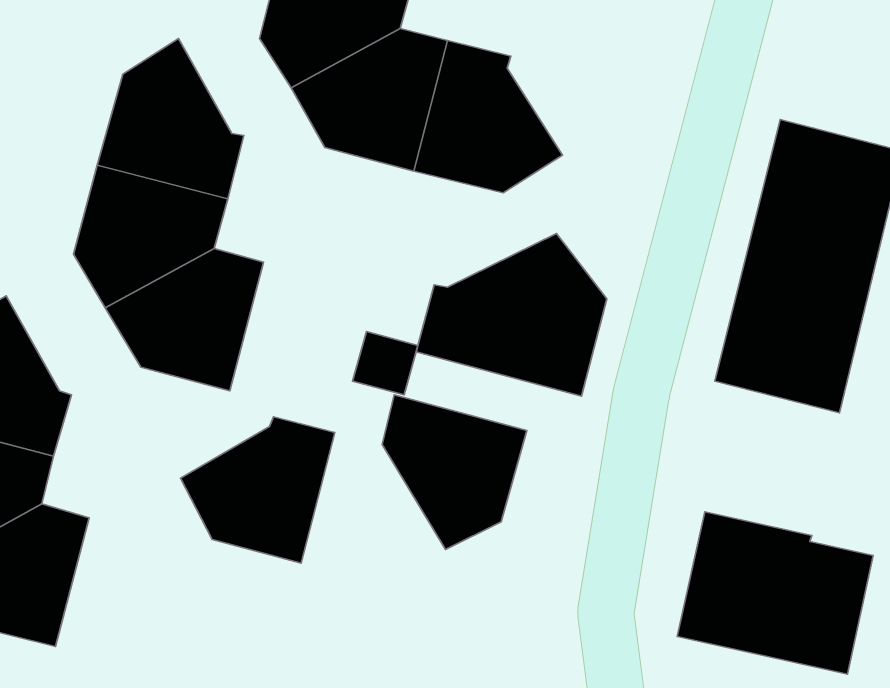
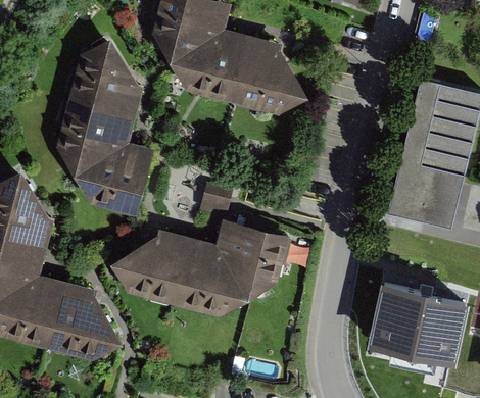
building: [416,233,607,396] -> none
building: none -> [174,237,248,316]
building: none -> [47,281,123,359]

